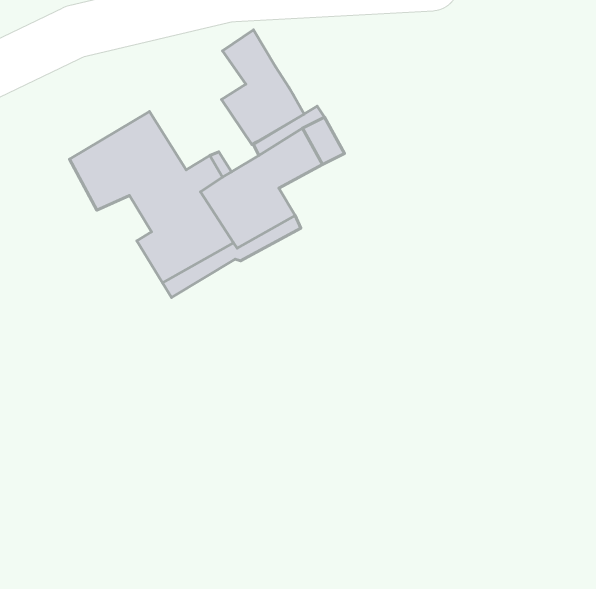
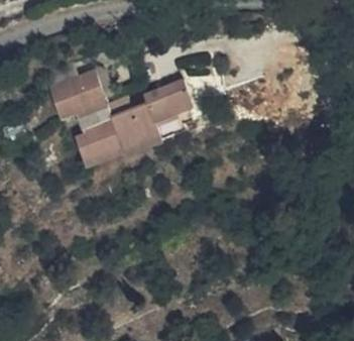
building: [221,30,304,145] -> none

